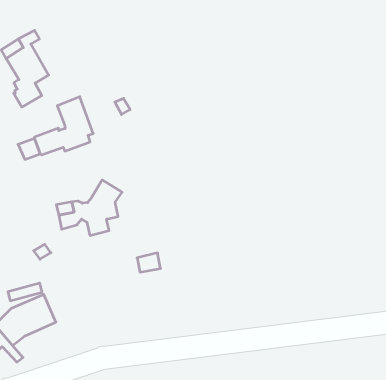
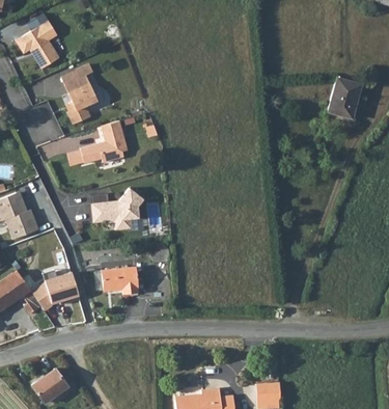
building: none -> [328,78,361,119]
building: none -> [101,268,136,294]

